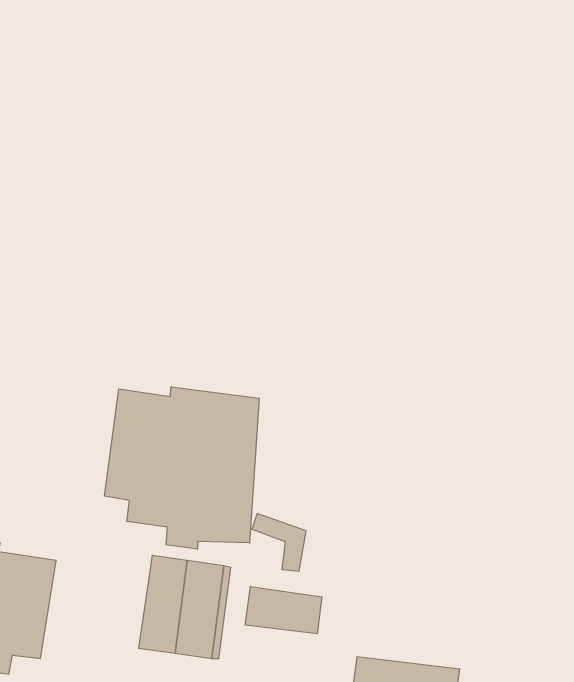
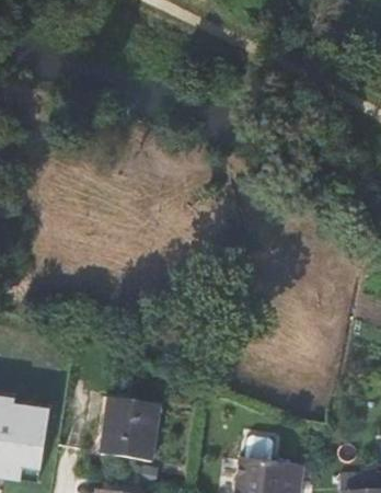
building: [105,387,259,549] -> none
building: [245,586,322,634] -> none

